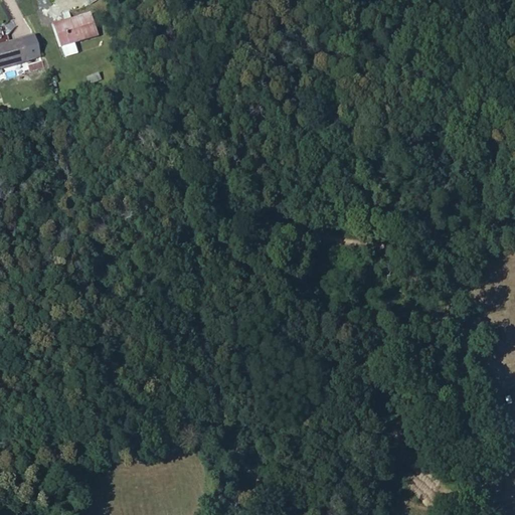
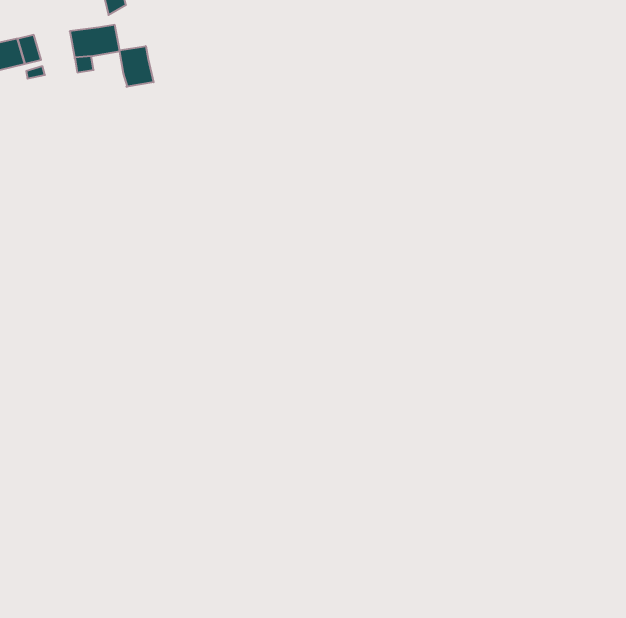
building: none -> [120,46,154,87]

